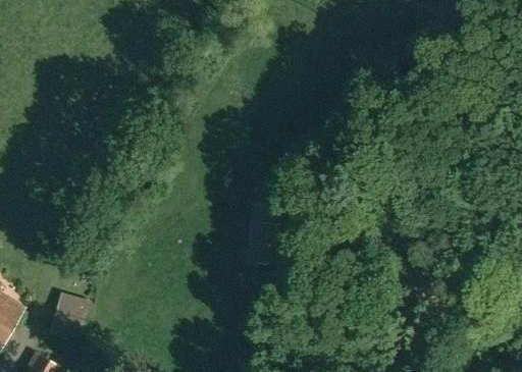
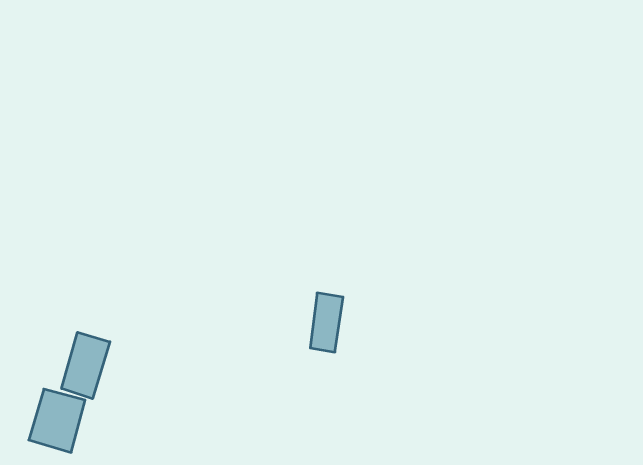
building: none -> [62,332,110,399]

